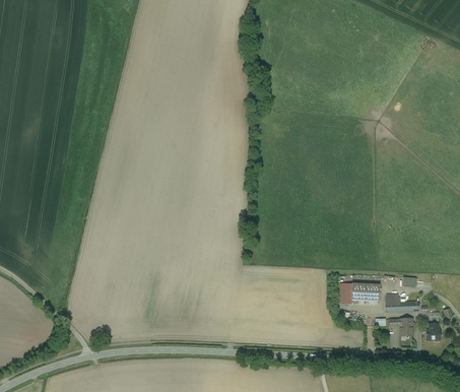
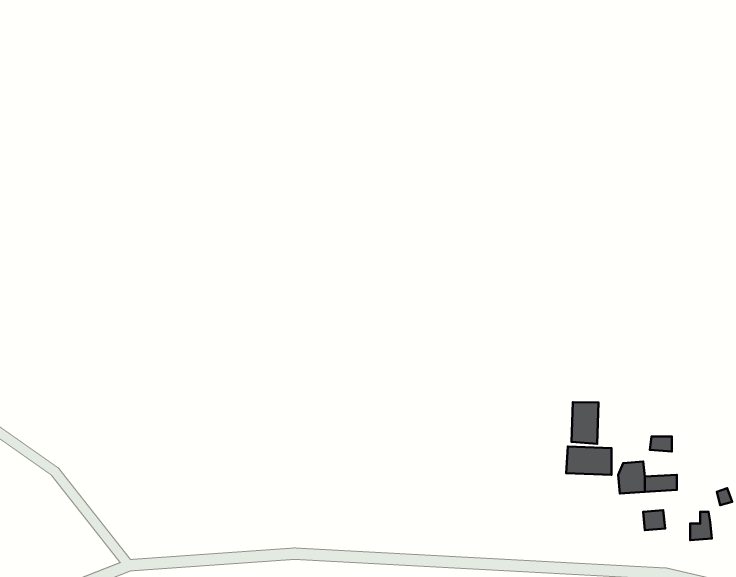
building: none -> [571,402,599,444]

